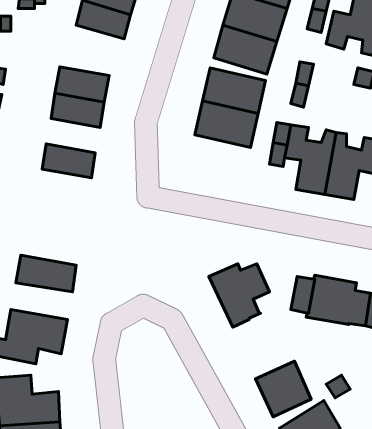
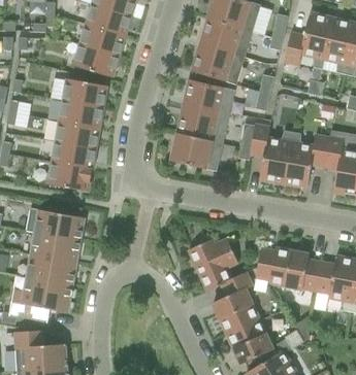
building: none -> [73,44,120,77]
building: none -> [56,121,100,148]
building: none -> [171,134,223,171]
building: none -> [48,162,93,191]
building: none -> [27,208,85,240]
building: none -> [27,254,77,284]
building: none -> [214,272,259,333]

